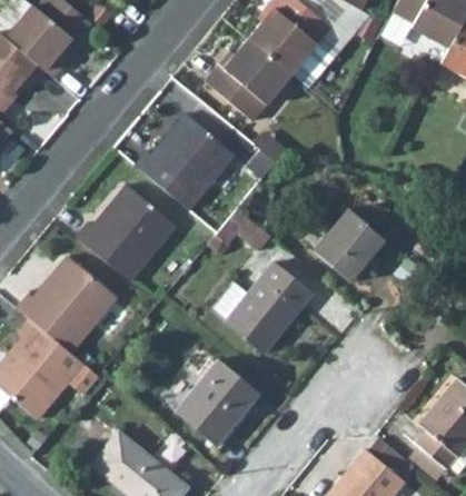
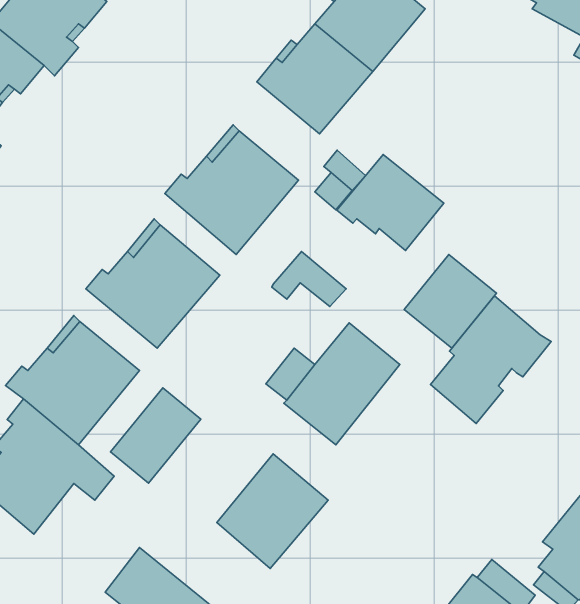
building: none -> [337,154,444,250]
building: none -> [430,296,551,424]
building: none -> [110,388,201,483]

